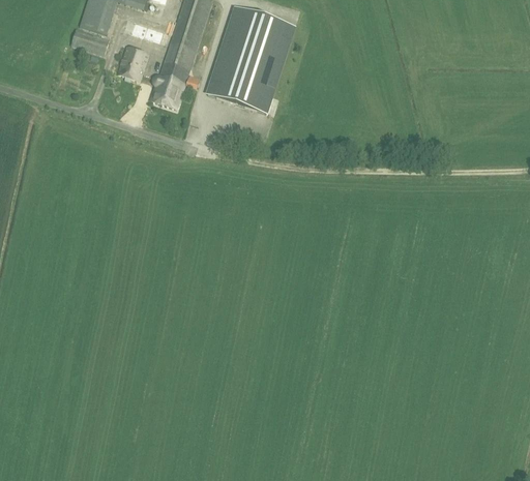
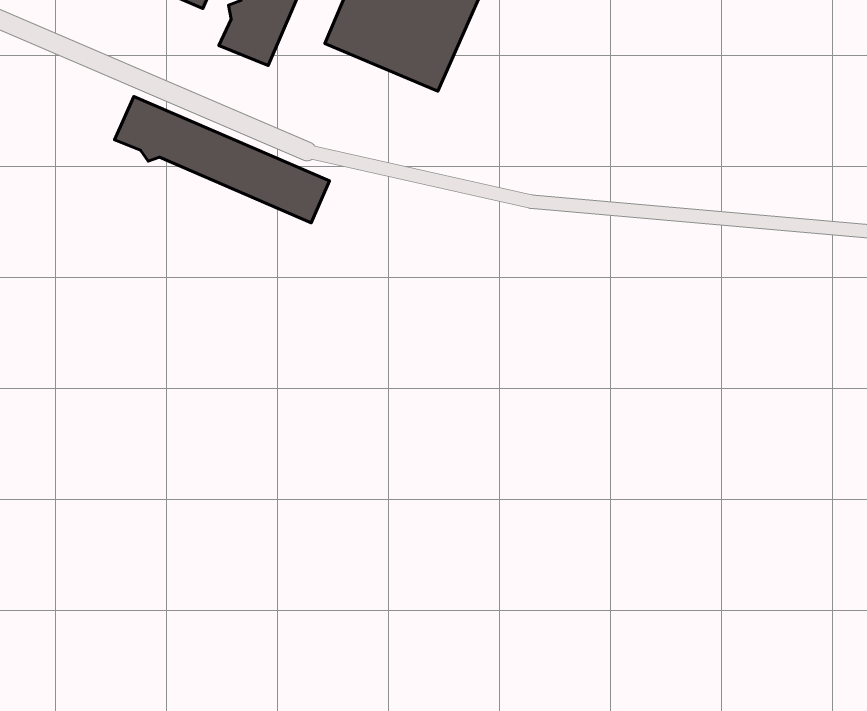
building: none -> [115,97,330,223]

